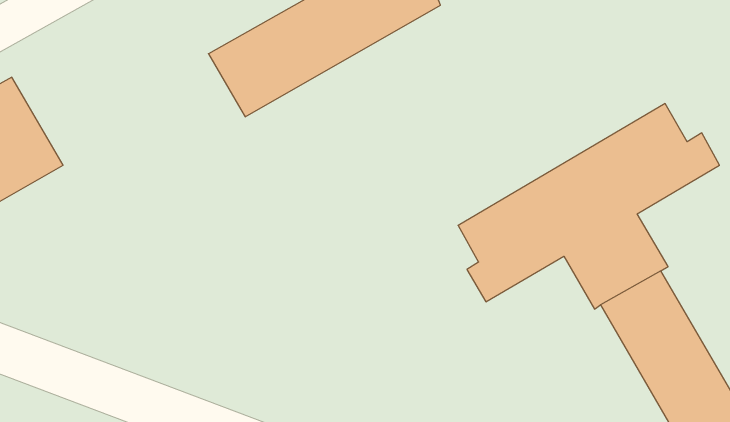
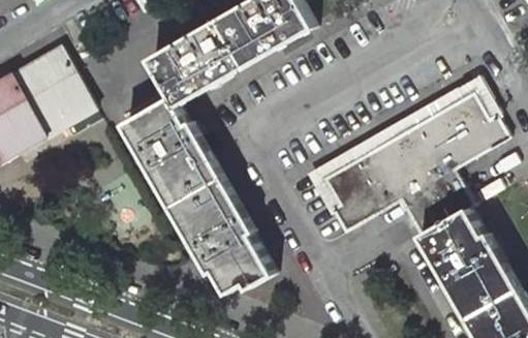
building: none -> [9,47,92,136]
building: none -> [126,97,273,293]

